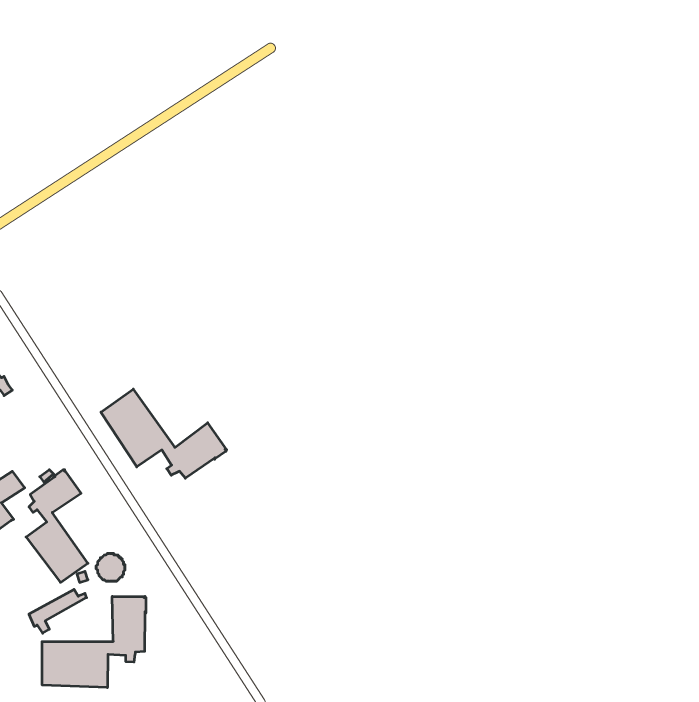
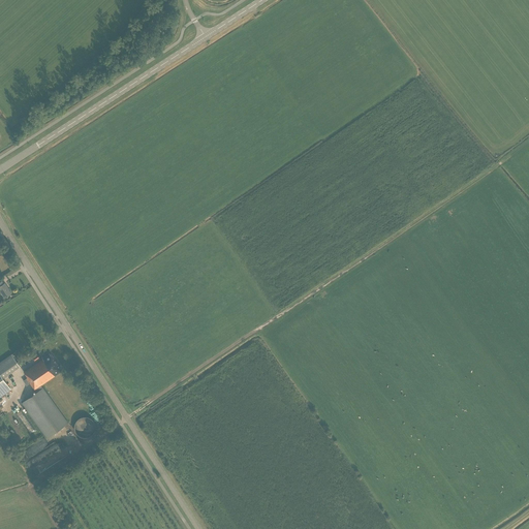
building: [101,389,227,478] -> none
building: [42,596,146,688] -> none

